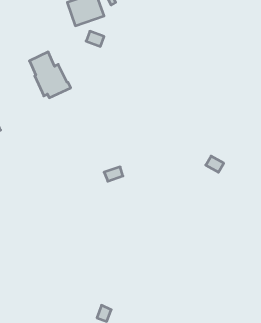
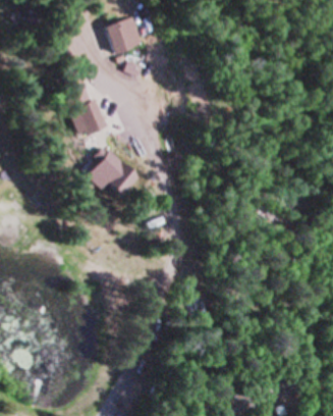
building: none -> [86,147,141,198]

